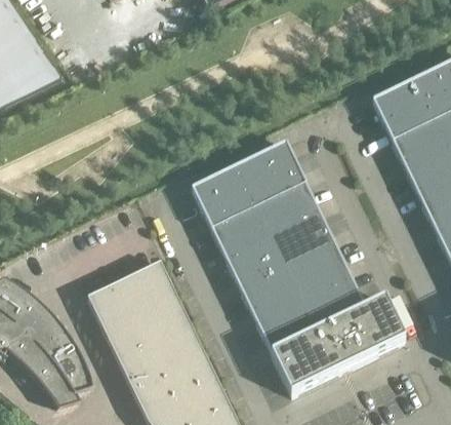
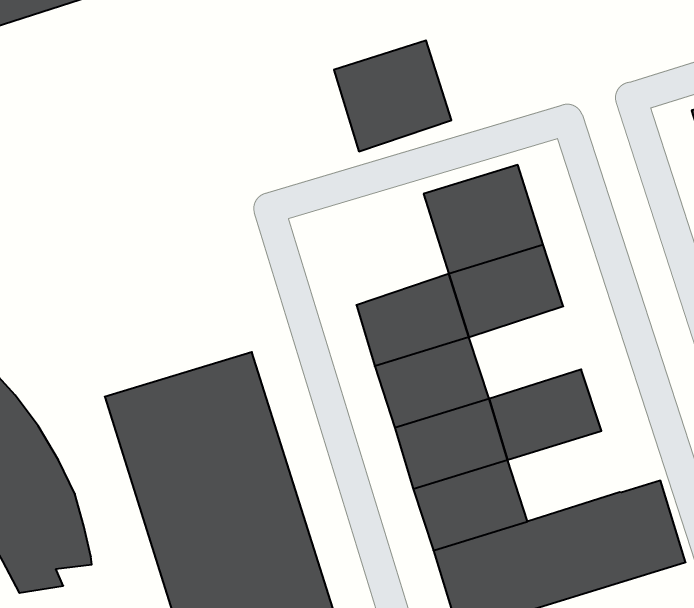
building: [193,163,258,227] -> [334,40,451,151]
building: [274,211,335,266] -> none
building: [303,274,365,327] -> none

